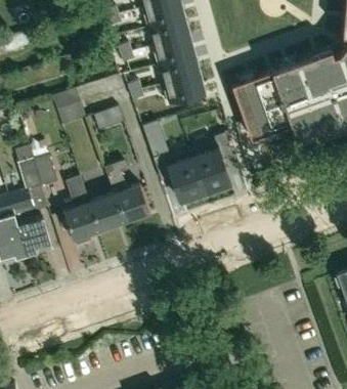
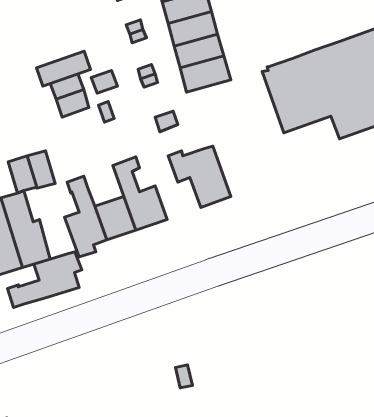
building: none -> [36,51,91,86]
building: [190,133,232,193] -> none
building: none -> [8,252,82,308]

